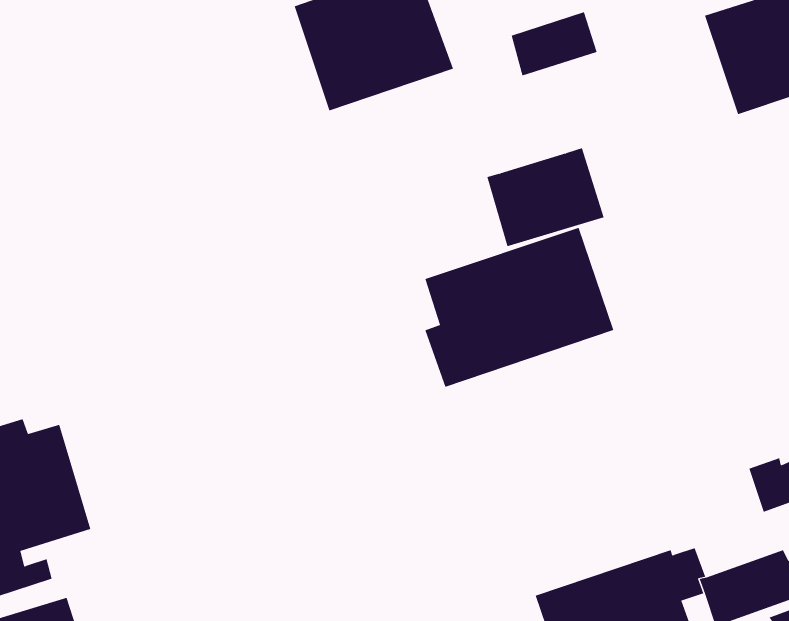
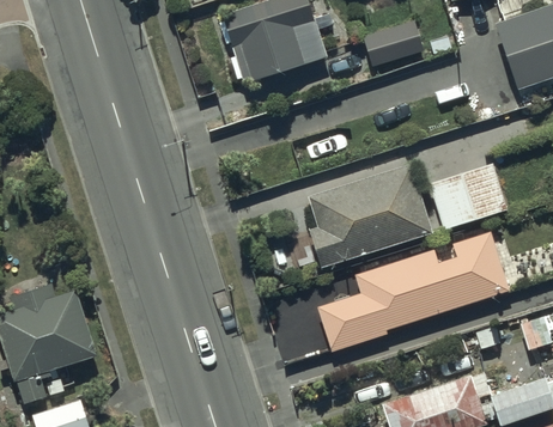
building: [487,147,604,247] -> [431,163,508,227]
building: none -> [320,232,511,350]

